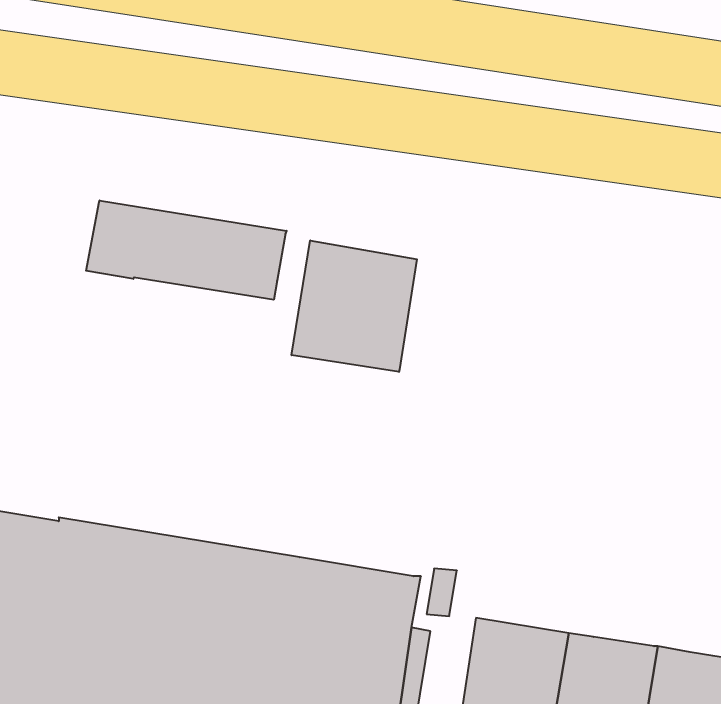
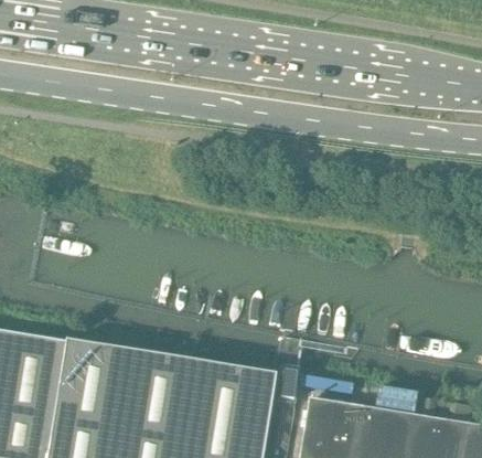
building: [86,200,287,300] -> none
building: [292,240,417,372] -> none

